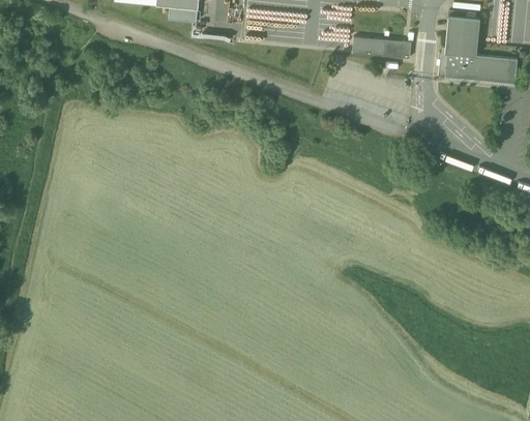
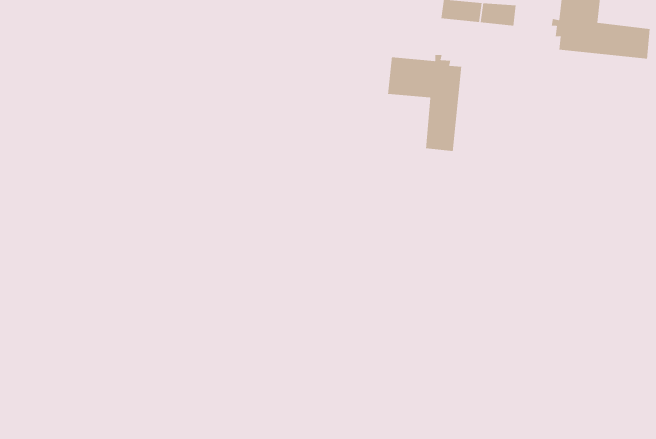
building: none -> [388,54,462,152]

